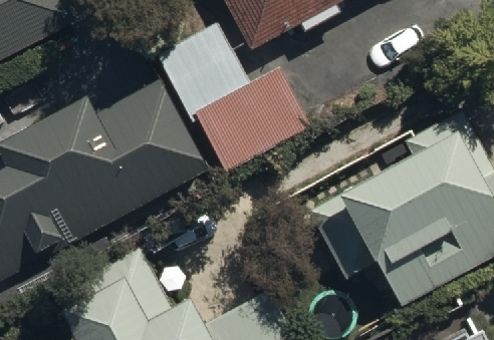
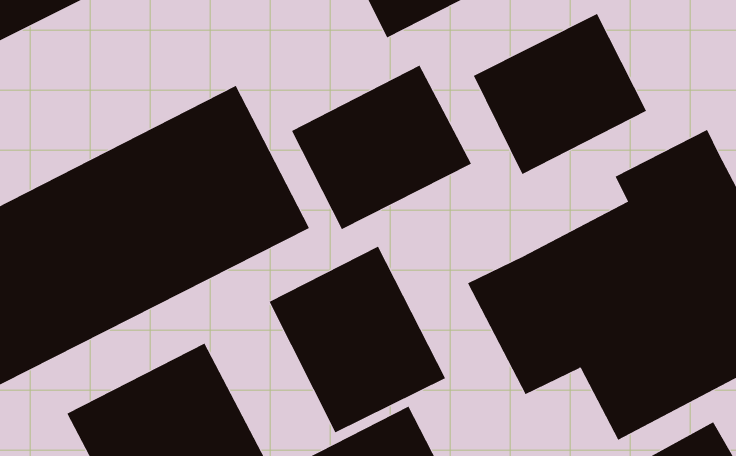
building: none -> [473,13,647,175]
building: none -> [269,246,446,433]

